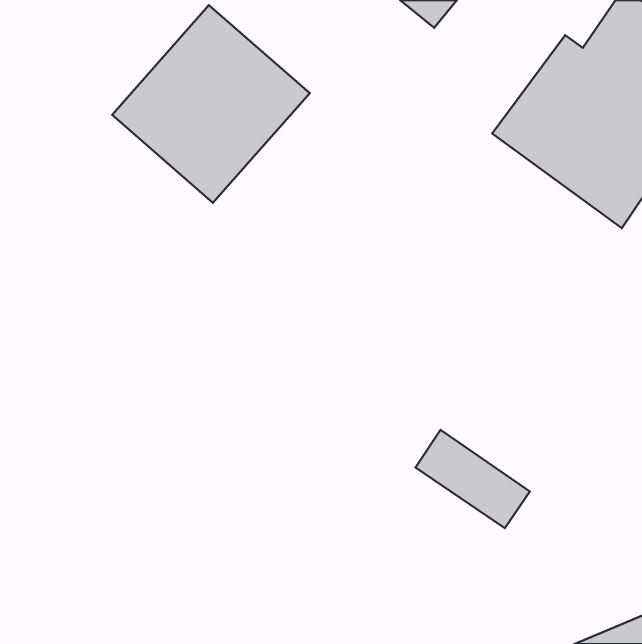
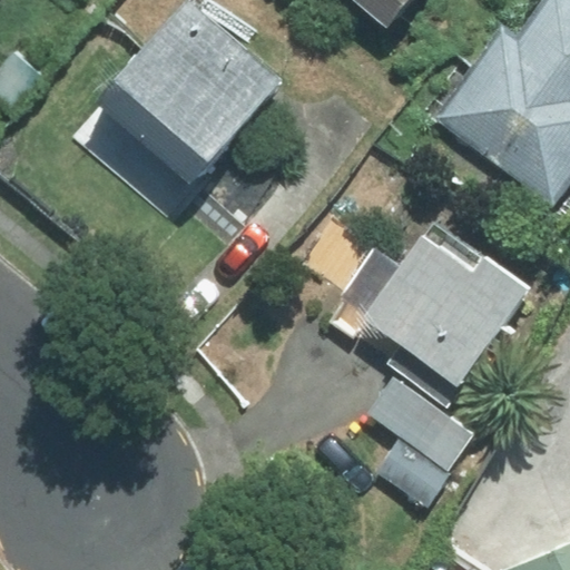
building: none -> [362,237,525,405]

